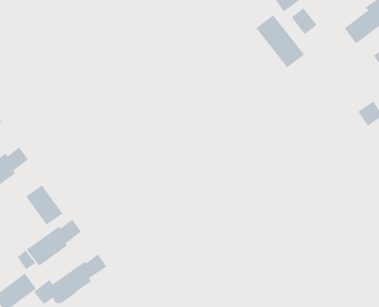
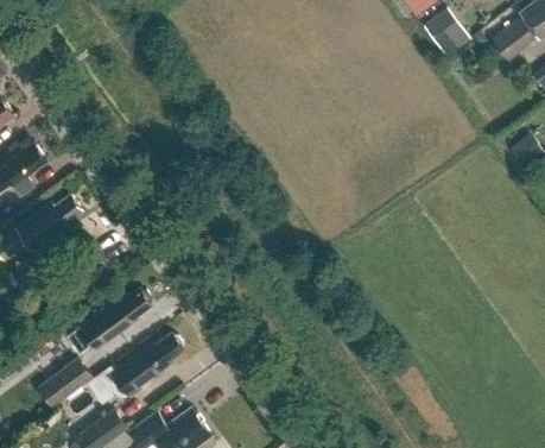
building: [255,14,305,68] -> none
building: [25,184,63,225] -> none

